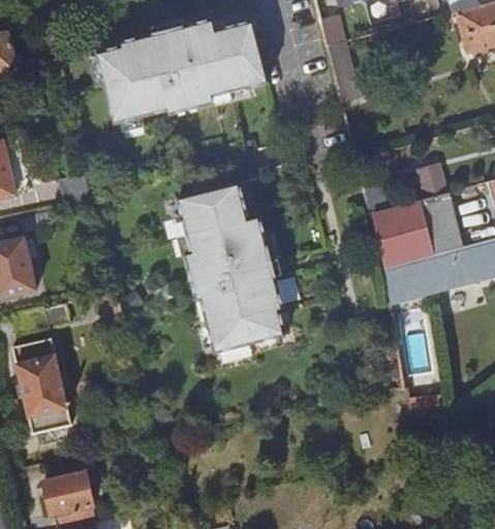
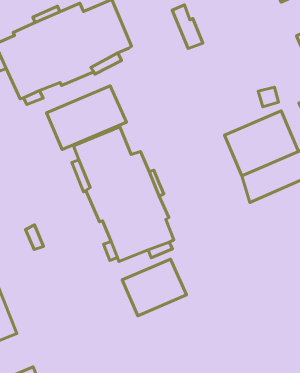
building: none -> [46,86,127,150]
building: none -> [122,259,186,316]

